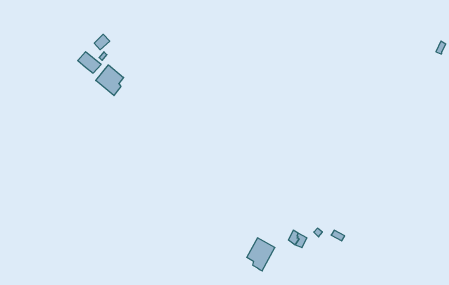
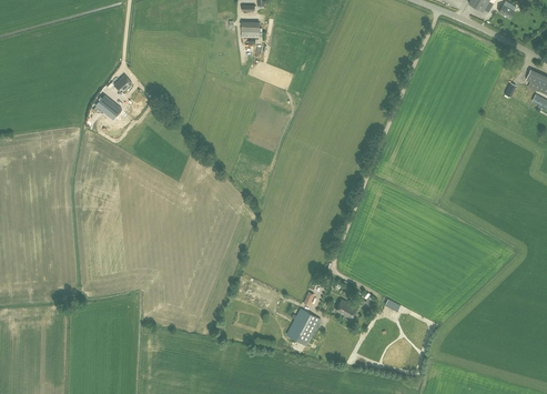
building: [96,65,124,96] -> none

